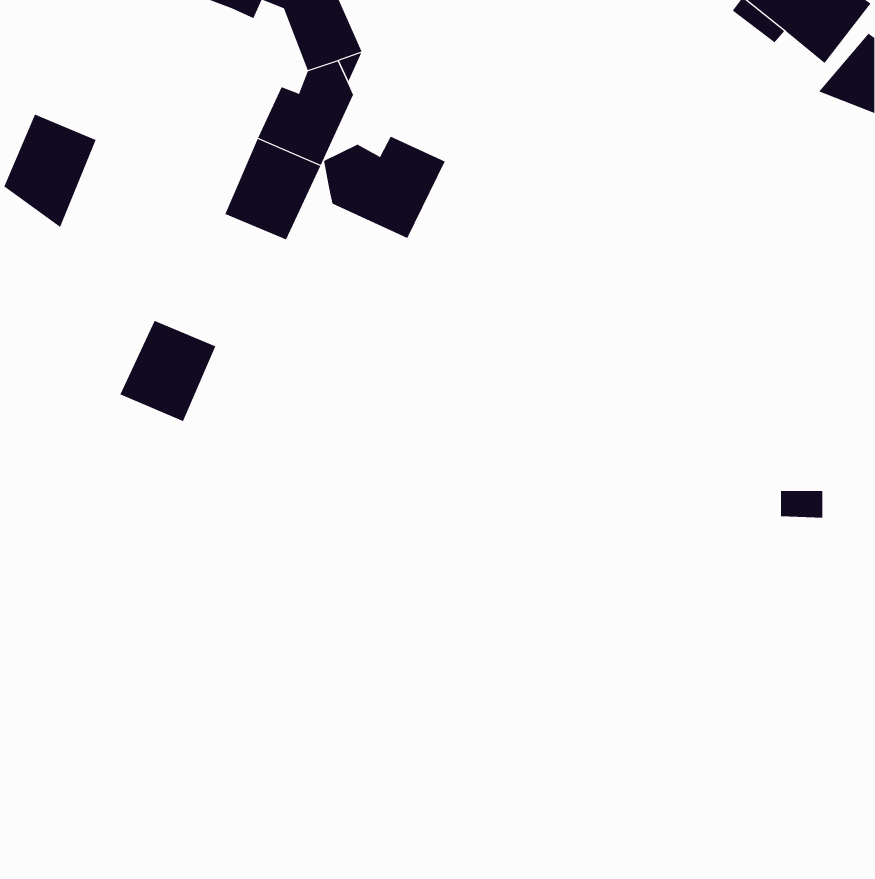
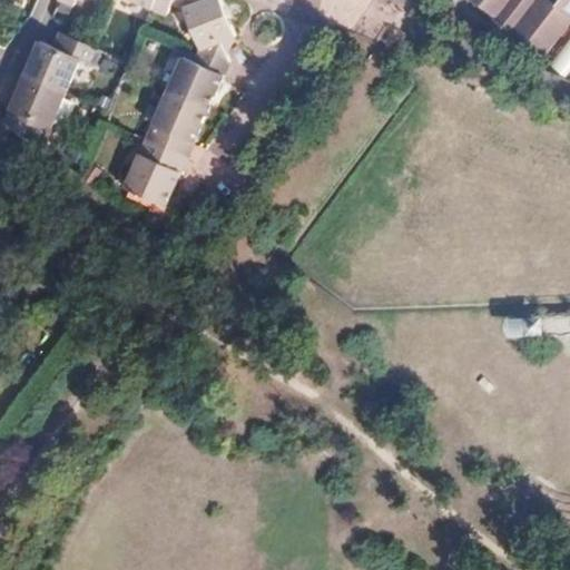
building: none -> [22,31,96,90]
building: [323,136,446,239] -> none
building: [120,320,216,422] -> [122,138,185,204]

